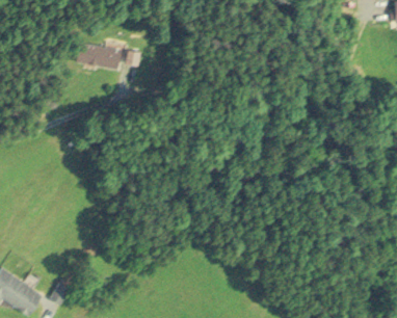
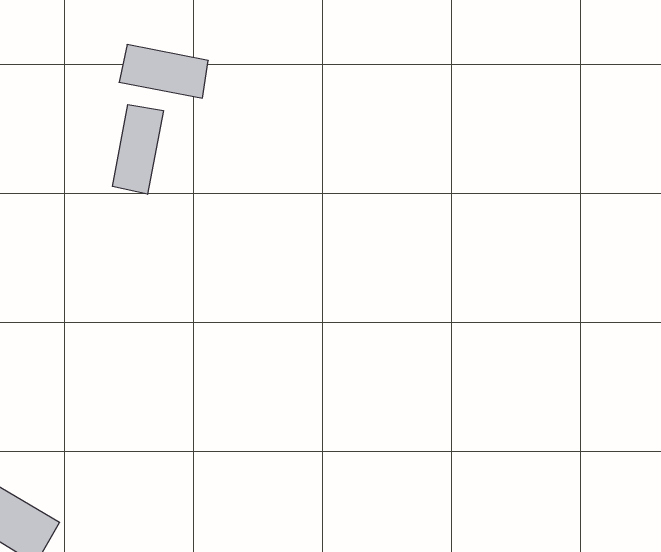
building: none -> [112,105,163,194]

